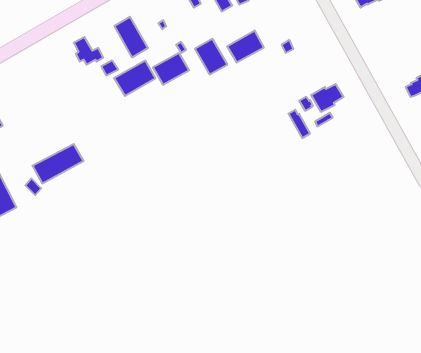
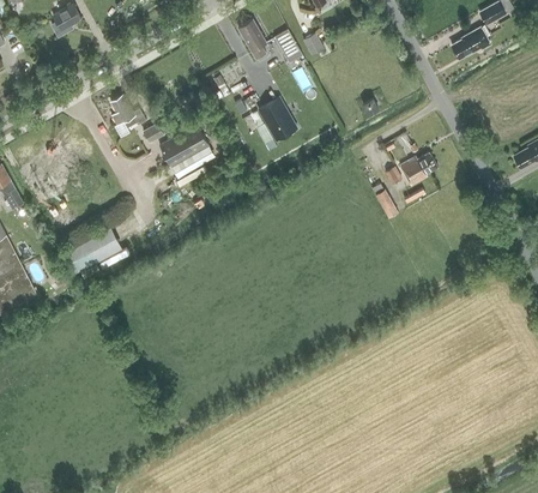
building: [114,17,148,57] -> none
building: [227,30,264,63] -> none
building: [153,53,189,85] -> none

